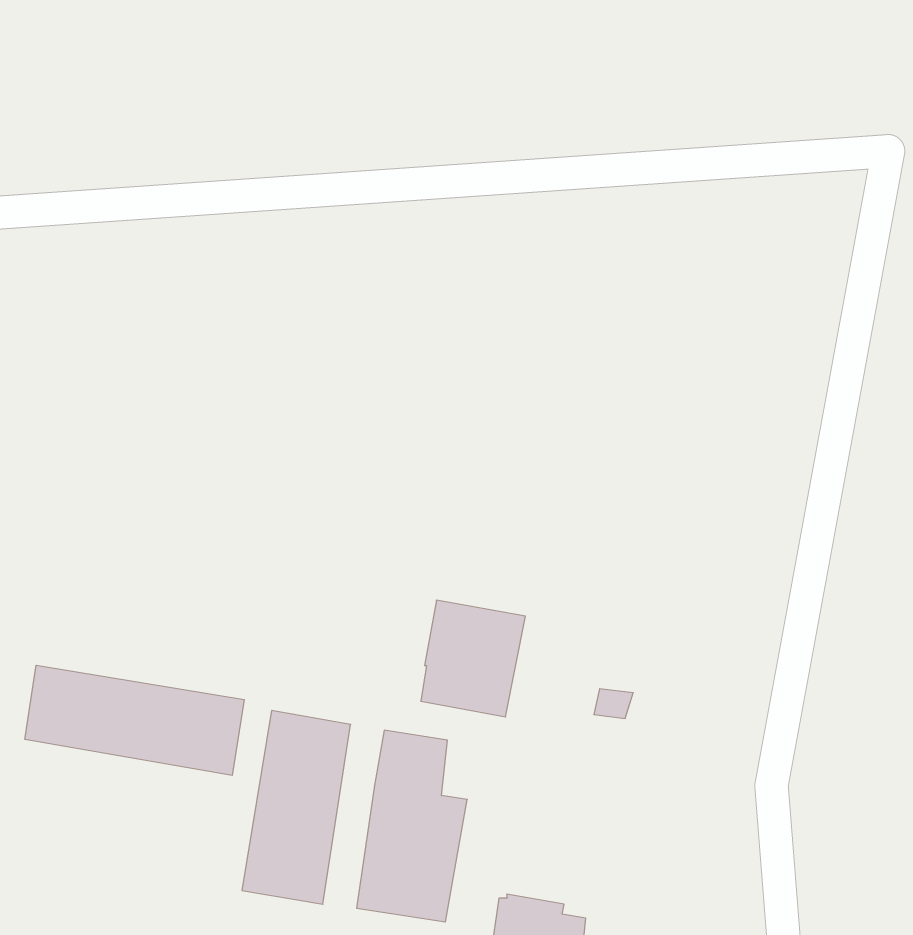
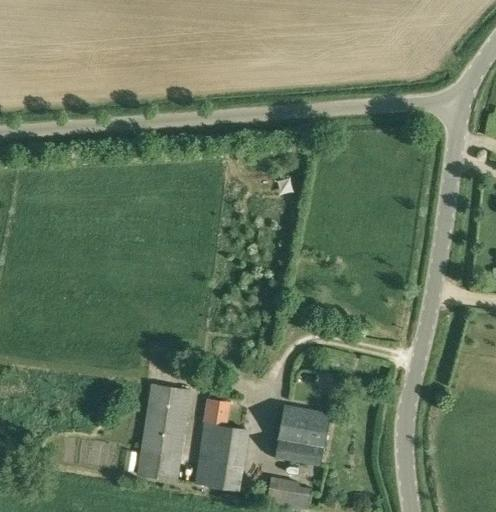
building: [421,600,525,717] -> [276,406,329,465]
building: [25,665,244,775] -> none

